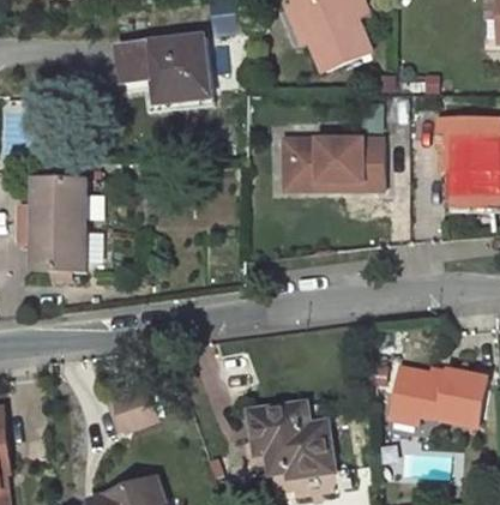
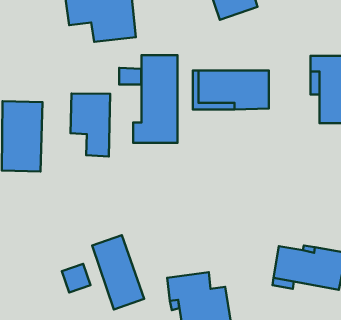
building: none -> [133,55,178,143]
building: none -> [71,93,110,156]
building: none -> [92,235,144,310]

